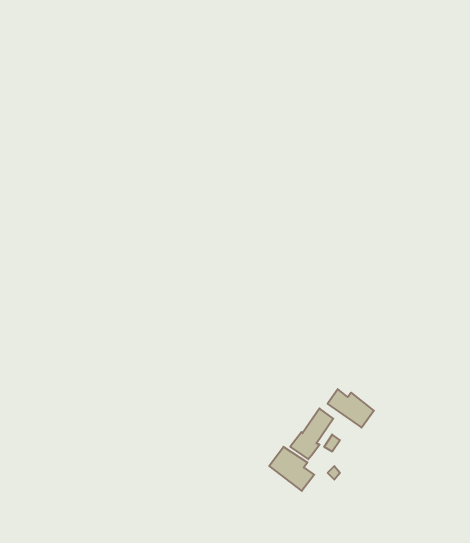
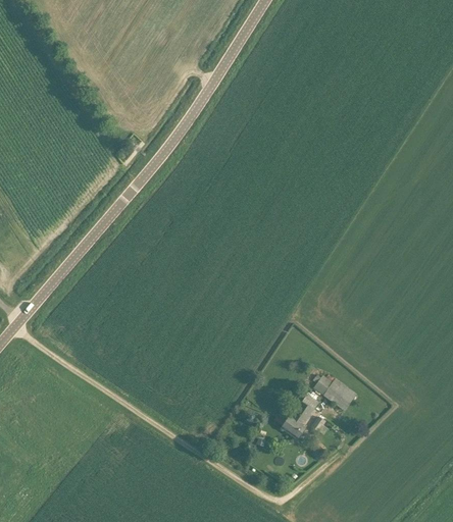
building: [269,447,314,491] -> none

